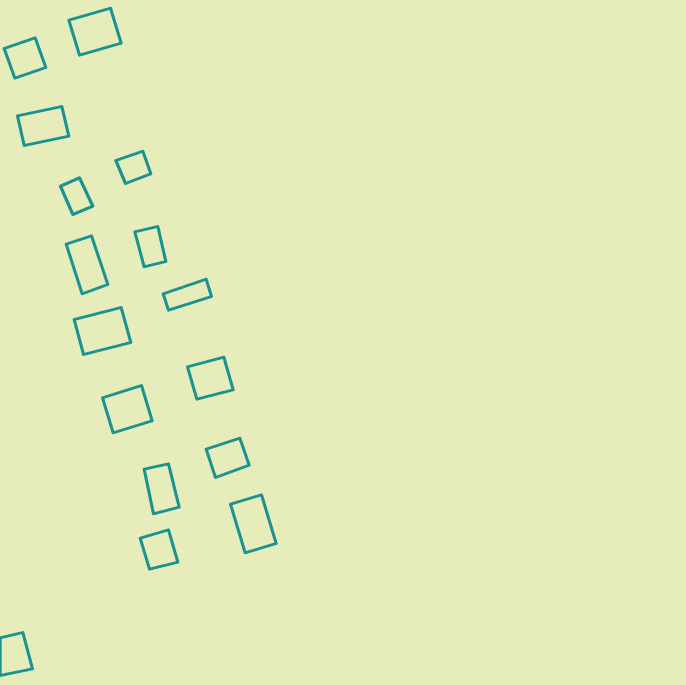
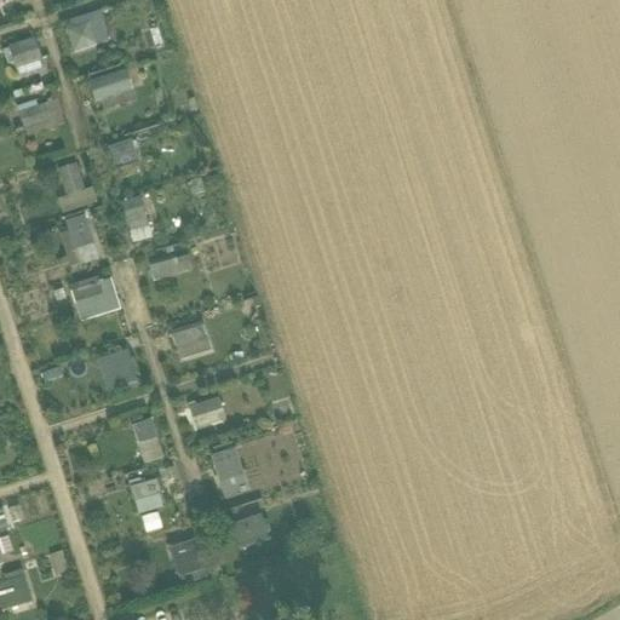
building: none -> [87,70,131,101]
building: none -> [230,515,268,546]
building: none -> [170,535,211,579]

